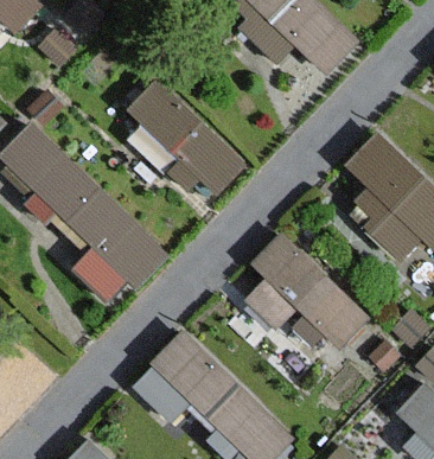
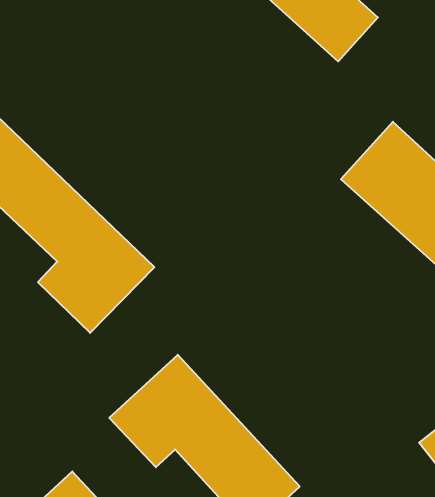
building: [121,77,249,200] -> none
building: [235,238,369,350] -> none

